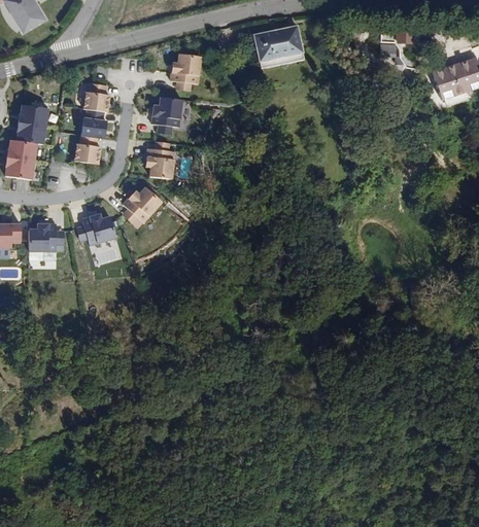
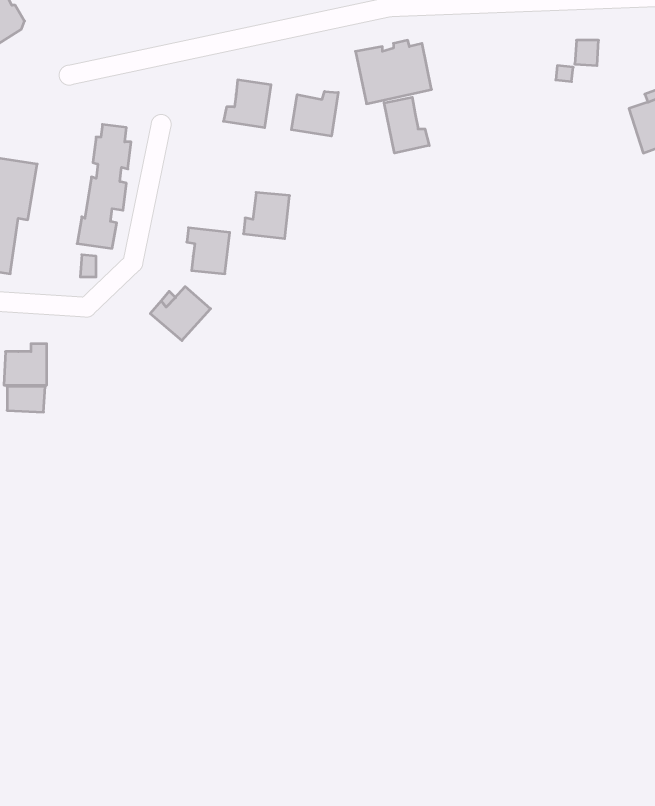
building: none -> [291,91,338,136]
building: none -> [384,97,429,153]
building: [151,96,181,126] -> [243,192,290,239]
building: [80,215,113,240] -> none

